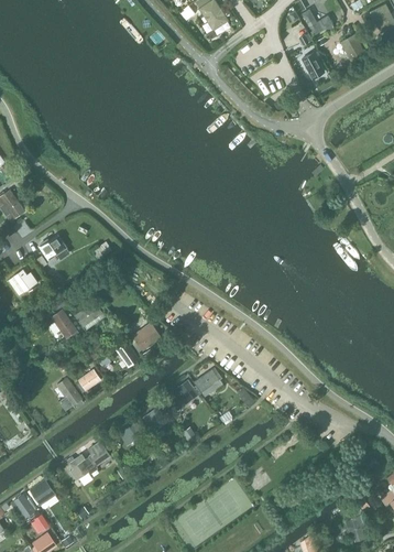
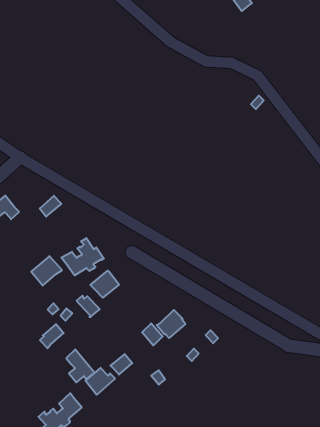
building: none -> [61,238,104,275]
building: [48,309,79,342] -> none
building: [57,377,84,410] -> [66,349,94,382]

